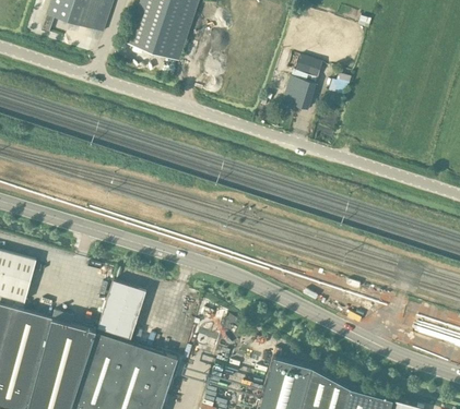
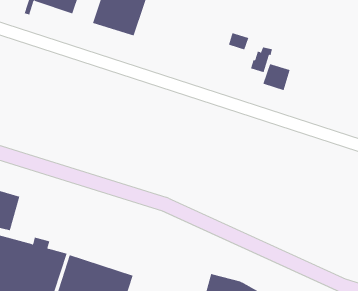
building: [281,79,316,112] -> [262,64,290,91]
building: [96,282,145,340] -> none

